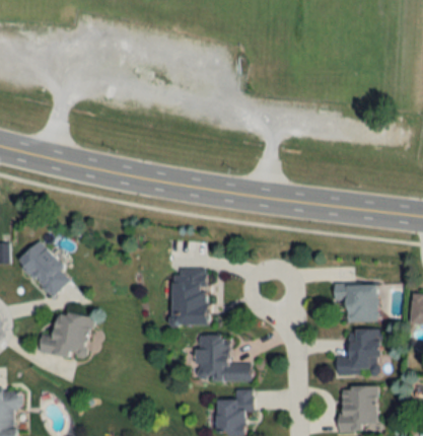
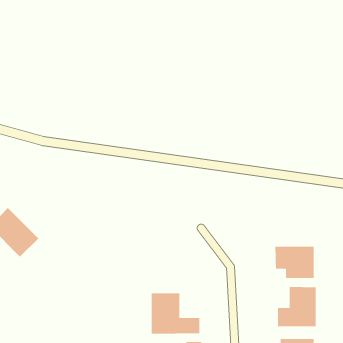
building: [172,269,206,325] -> none
building: [38,311,92,359] -> none

